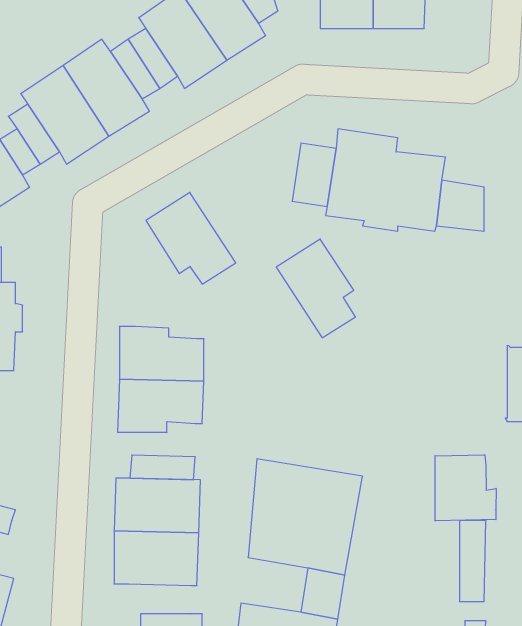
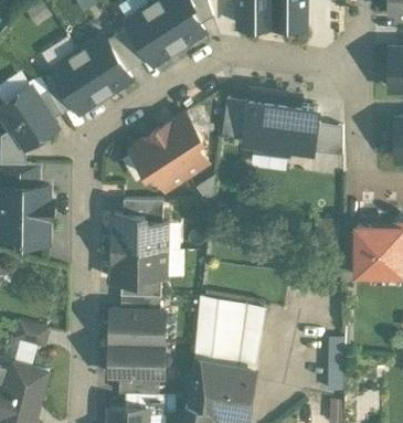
building: [276,239,356,338] -> [158,113,208,175]
building: none -> [124,199,163,222]
building: none -> [121,274,161,296]
building: [435,455,496,521] -> none
building: none -> [190,359,232,393]
building: none -> [119,376,159,394]

